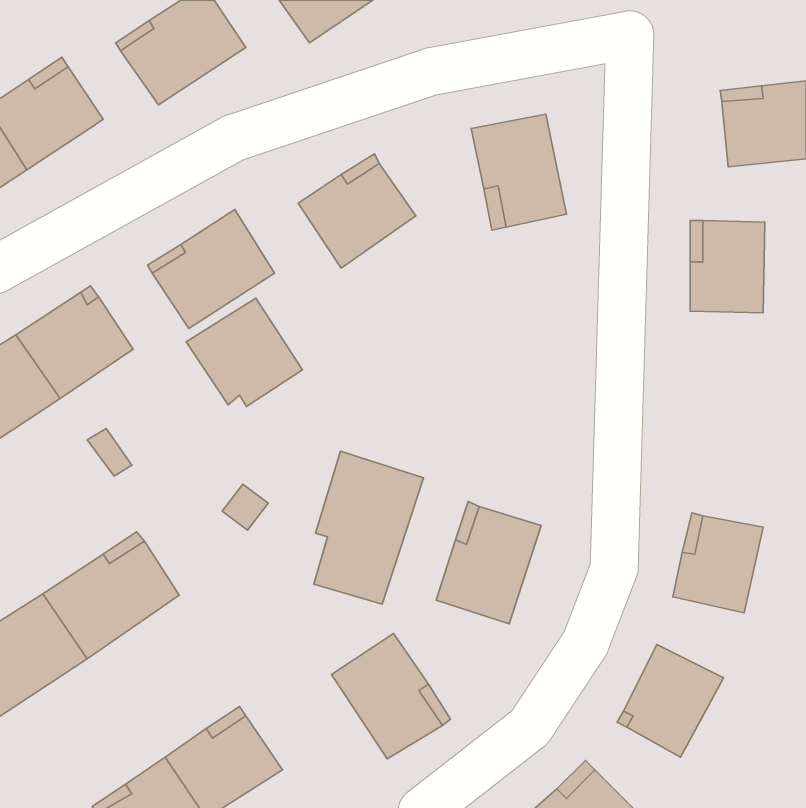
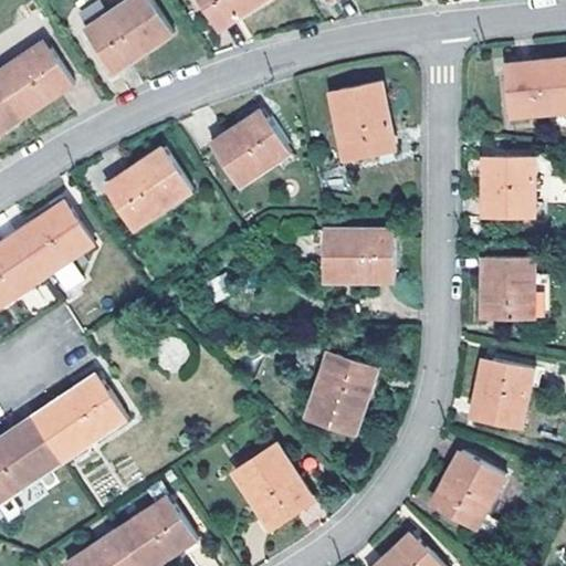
building: [186,298,303,407] -> none
building: none -> [322,230,394,282]
building: none -> [482,258,533,321]
building: [314,451,423,604] -> none

